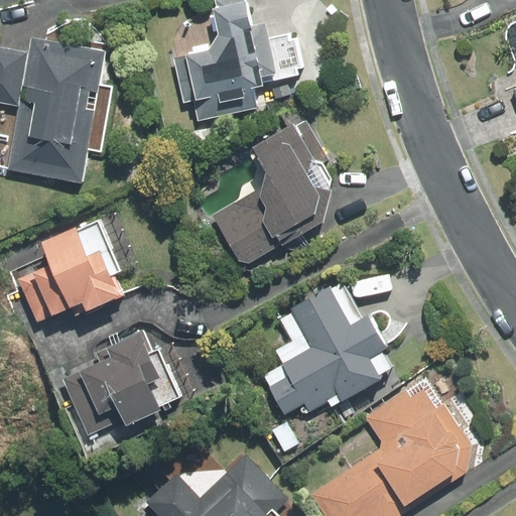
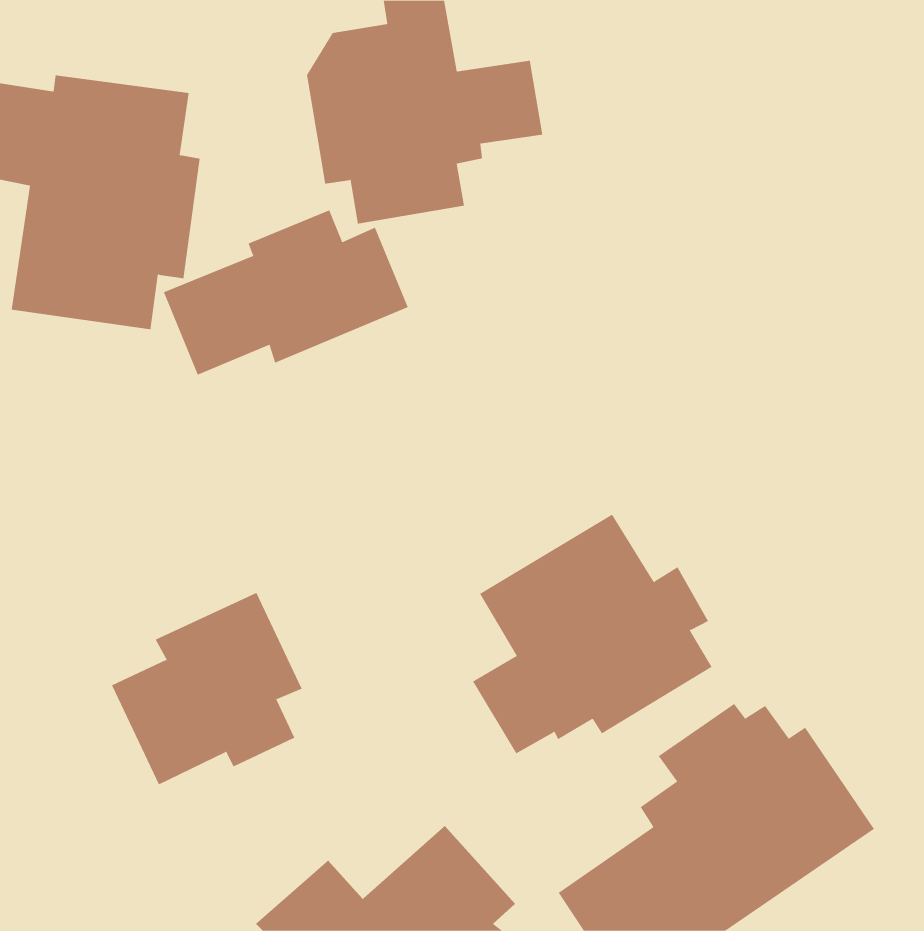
building: [212,113,351,266] -> none
building: none -> [163,209,408,375]
building: [14,219,121,322] -> none

